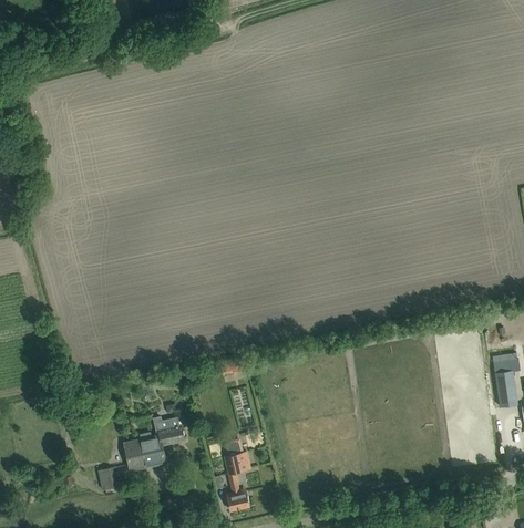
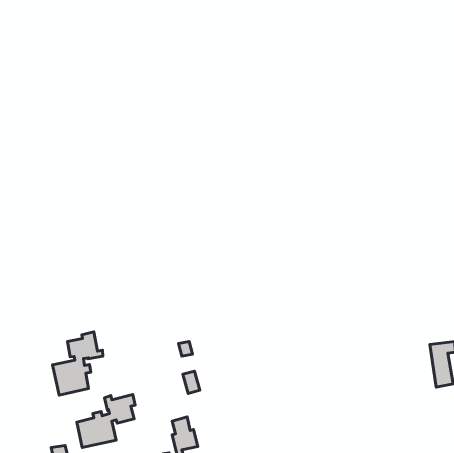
building: none -> [53,332,103,395]

